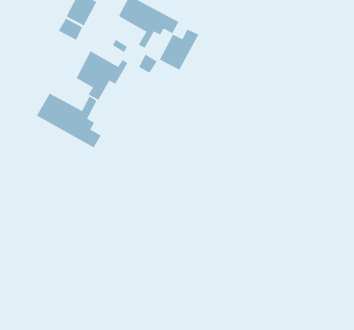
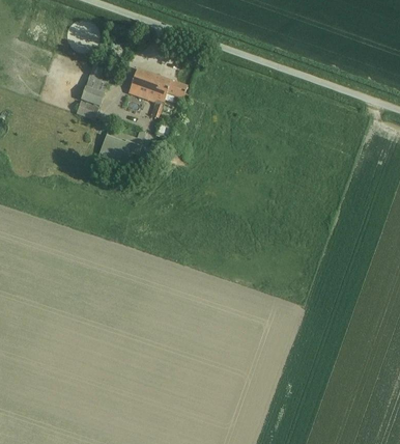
building: [159,29,199,70] -> none
building: [36,93,102,148] -> none

